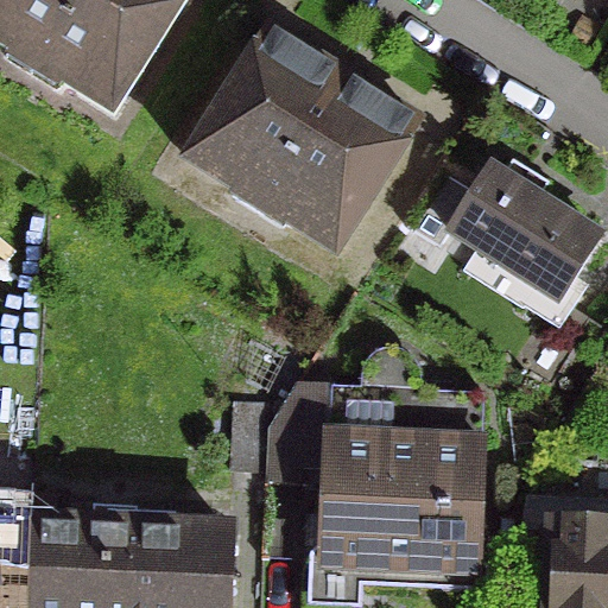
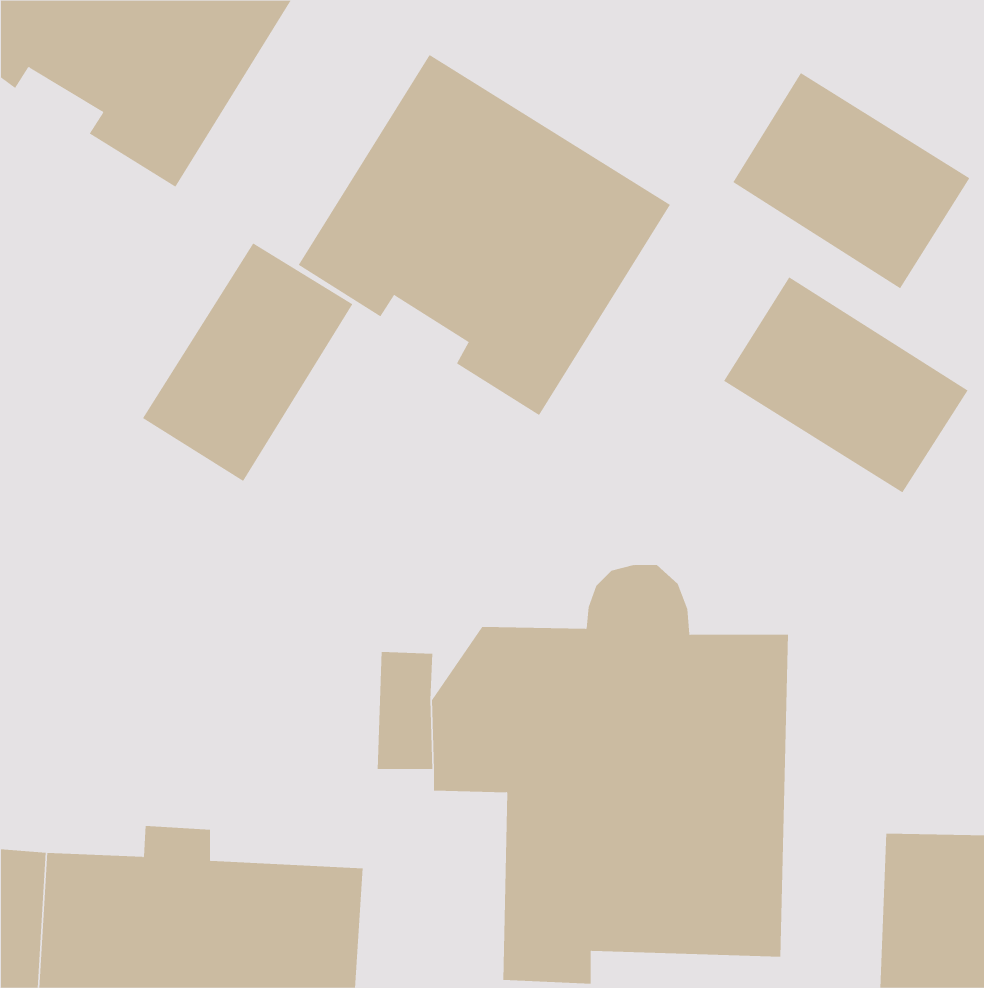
building: none -> [732,72,970,289]
building: none -> [142,242,353,482]

